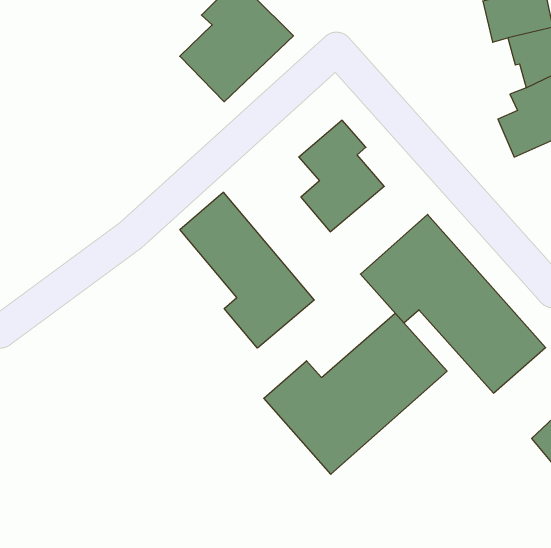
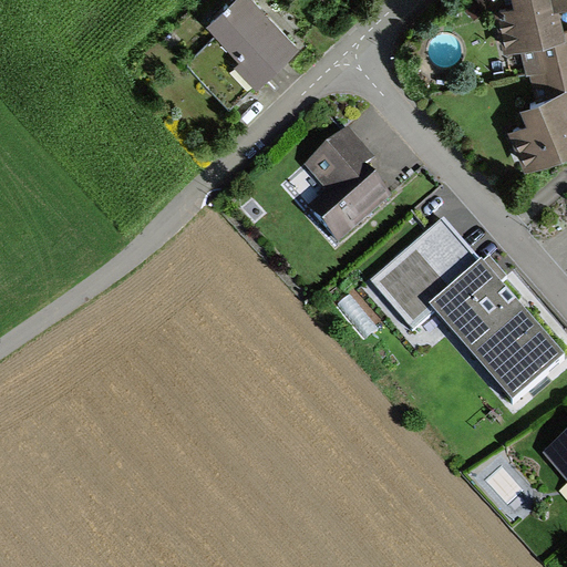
building: [180,192,314,348] -> none
building: [264,313,447,474] -> none

